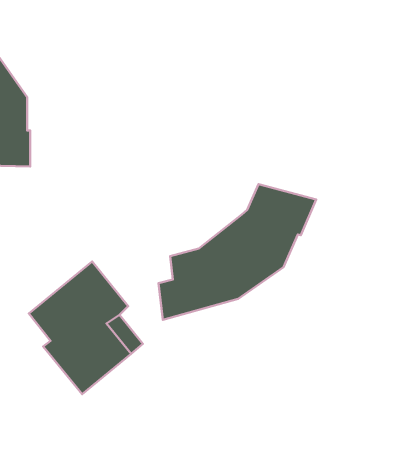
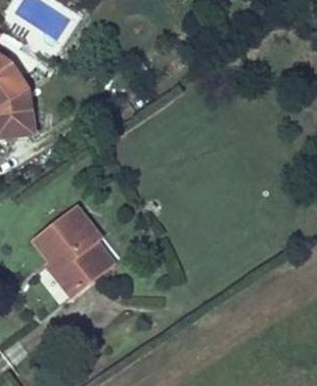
building: [159,184,316,320] -> none

